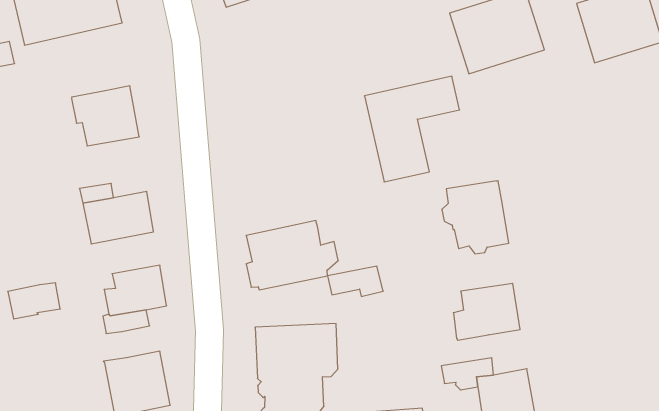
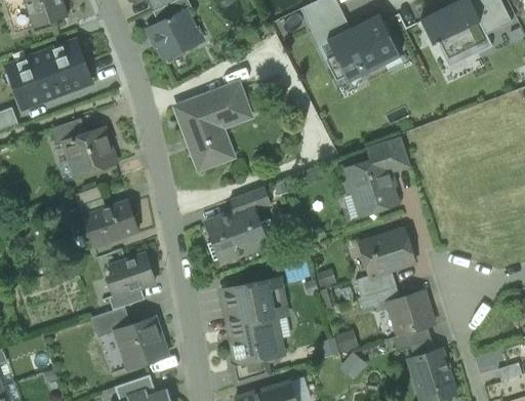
building: none -> [50,118,87,146]
building: [364,76,460,182] -> [176,84,247,168]
building: none -> [377,136,410,172]
building: [328,266,383,296] -> [230,187,272,212]
building: [8,283,60,319] -> [91,307,131,337]
building: none -> [356,270,397,297]

